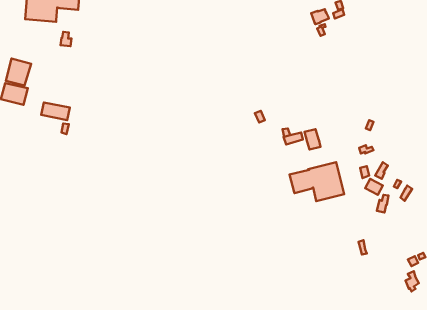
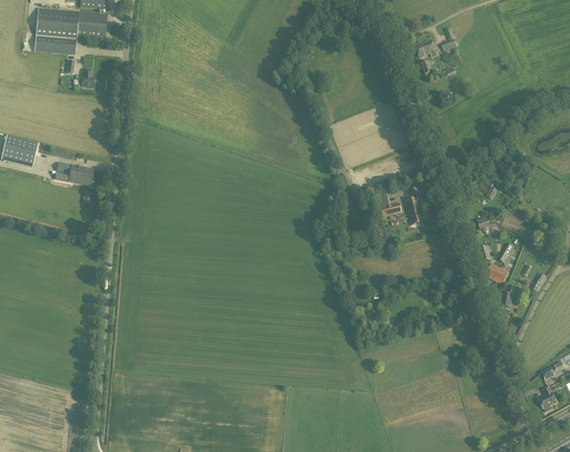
building: [6,59,31,86] -> none
building: [290,162,344,201] -> none

